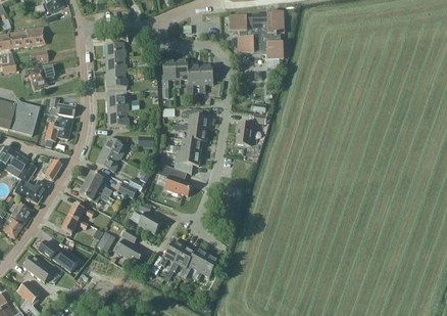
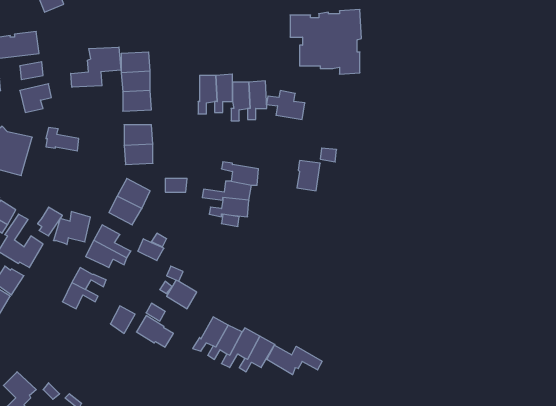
building: none -> [71,47,121,87]
building: [181,108,209,130] -> [267,91,305,119]
building: [44,118,71,142] -> [53,212,90,245]
building: [157,165,192,196] -> none
building: [38,240,80,273] -> none
building: [22,256,54,282] -> none
building: none -> [267,345,322,375]

